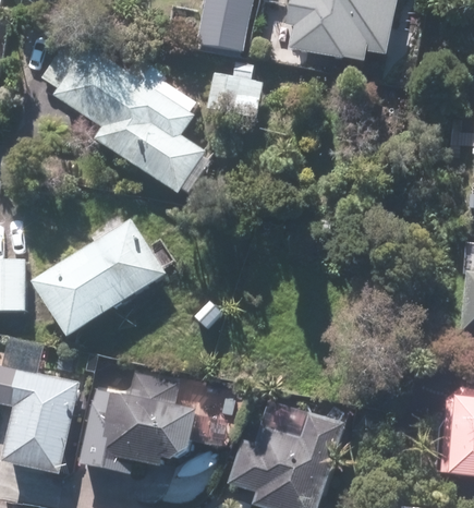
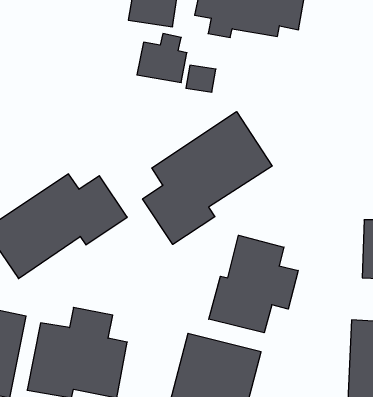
building: [57,38,208,194] -> none
building: none -> [143,112,272,244]
building: none -> [209,235,298,333]

